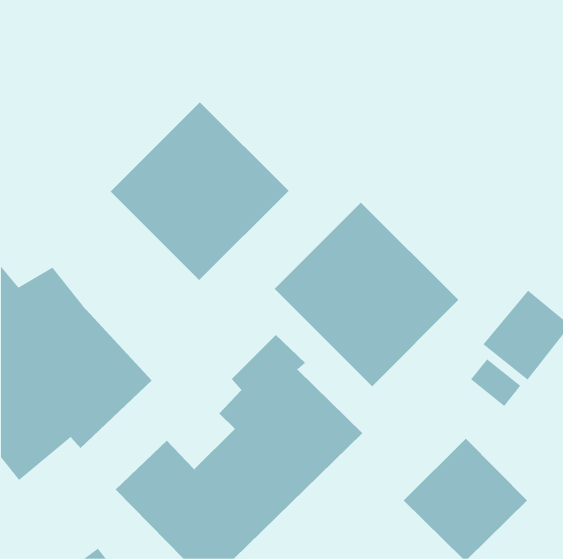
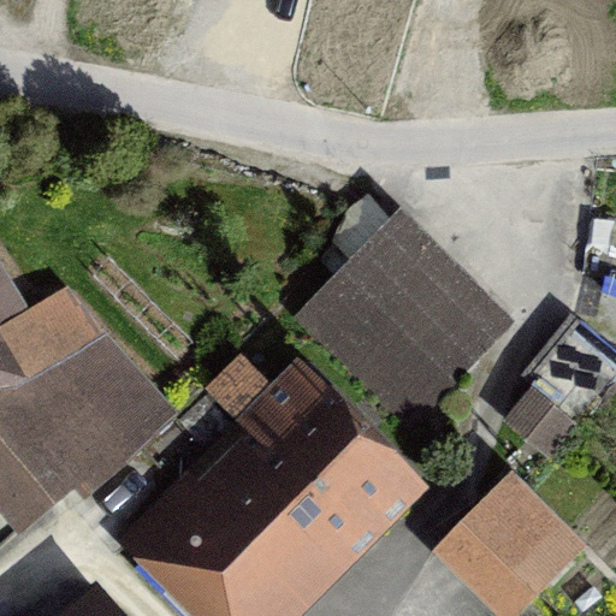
building: [110,101,289,281] -> none

